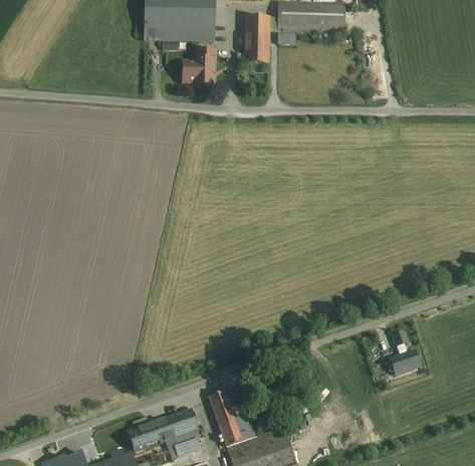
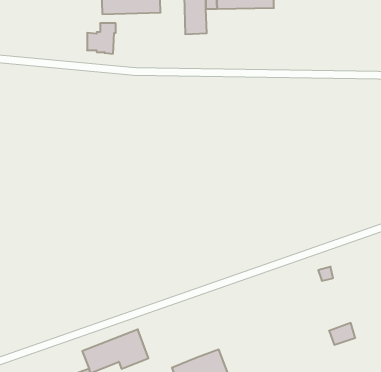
building: [185,53,218,88] -> [87,23,116,54]
building: [392,353,422,378] -> [329,323,355,345]
building: [207,386,256,449] -> none

